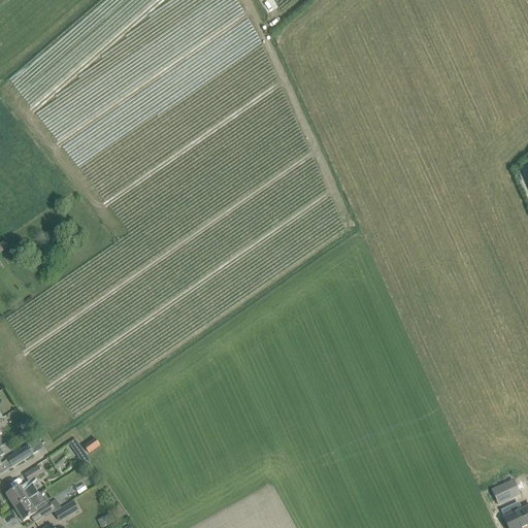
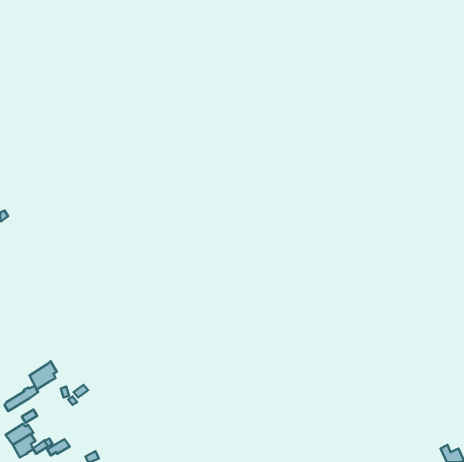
building: none -> [29,361,57,389]
building: [491,477,520,503] -> none

